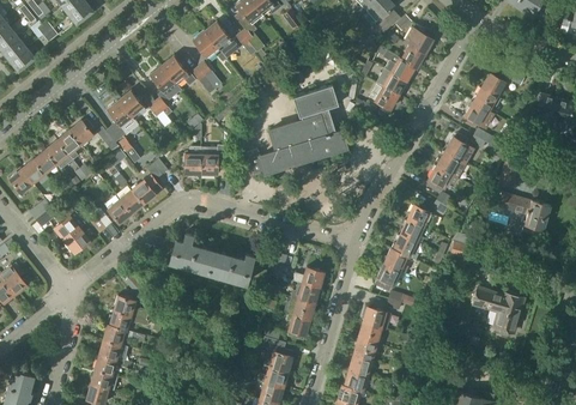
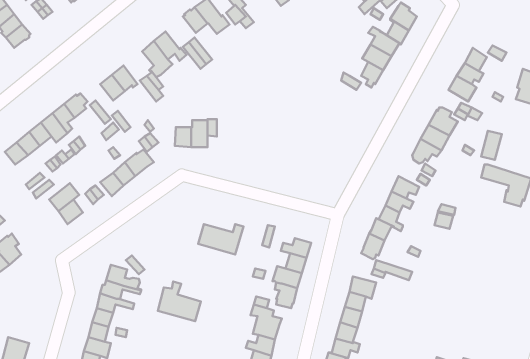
building: [247,84,347,175] -> none
building: [170,232,214,273] -> [158,282,201,321]
building: [473,284,525,336] -> none

